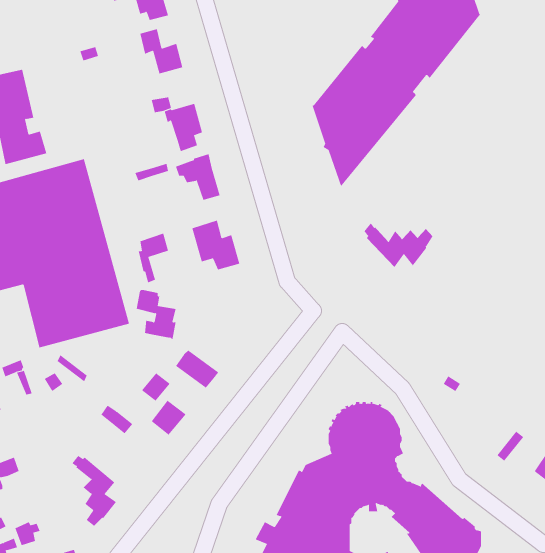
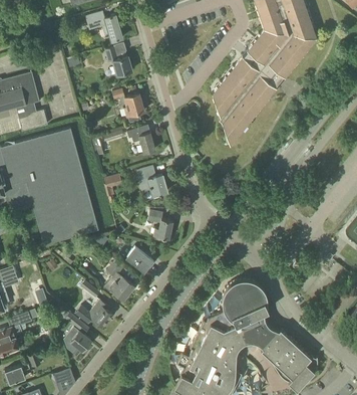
building: [364,222,433,268] -> none
building: [136,289,176,340] -> [147,209,172,240]
building: none -> [74,301,111,327]

